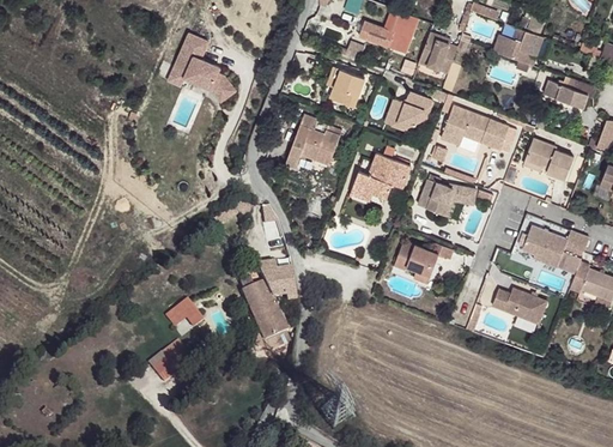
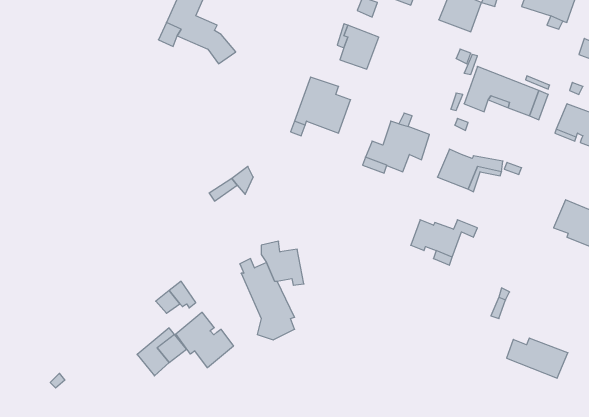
building: [386,91,433,126] -> none
building: [493,288,548,324] -> [507,338,568,378]
building: none -> [176,312,233,368]

